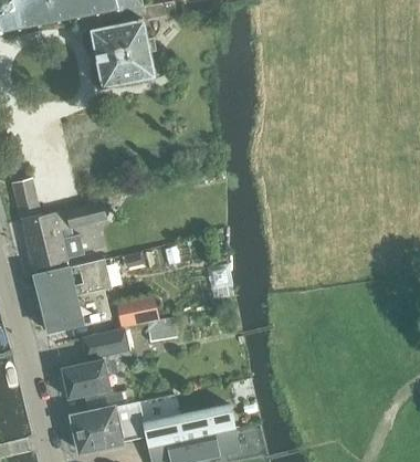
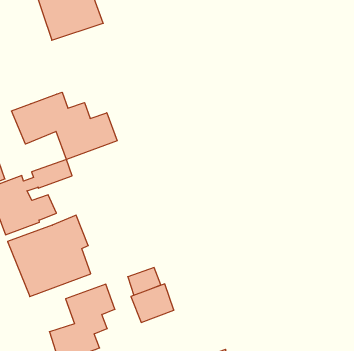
building: none -> [12,92,117,159]
building: [117,294,157,328] -> [131,284,174,322]

